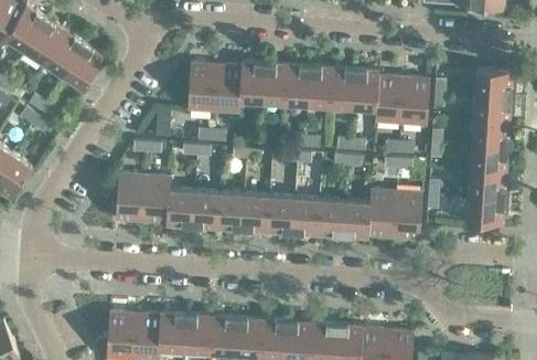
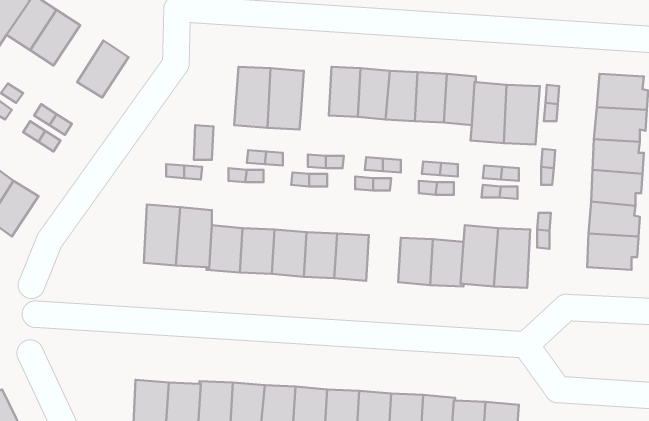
building: [43,30,83,75] -> none
building: [239,62,264,102] -> none
building: [291,197,319,234] -> none

